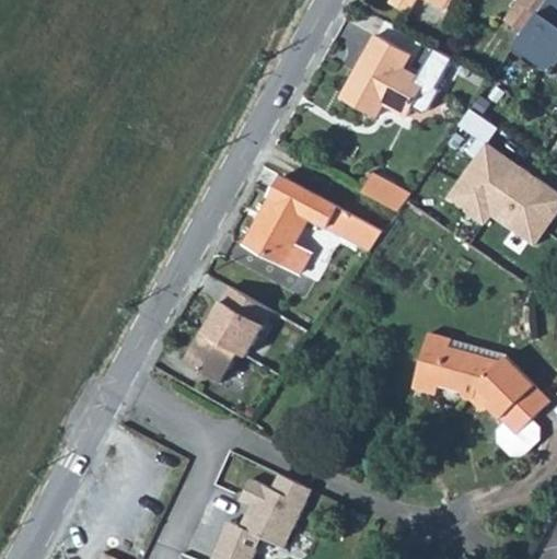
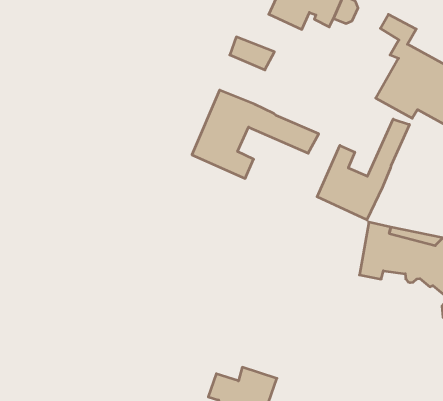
building: [362,173,410,211] -> [230,37,274,70]
building: none -> [317,119,409,220]
building: [182,282,276,384] -> none

